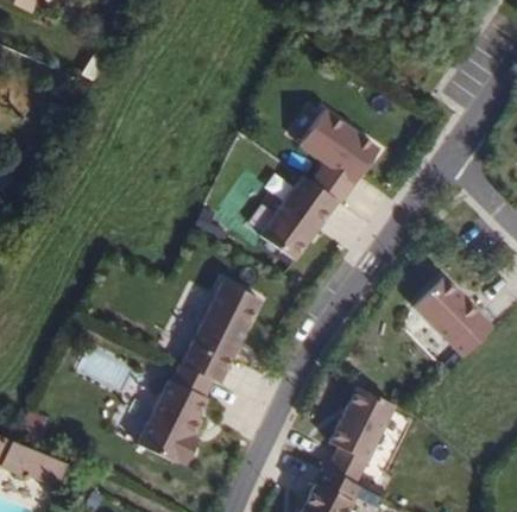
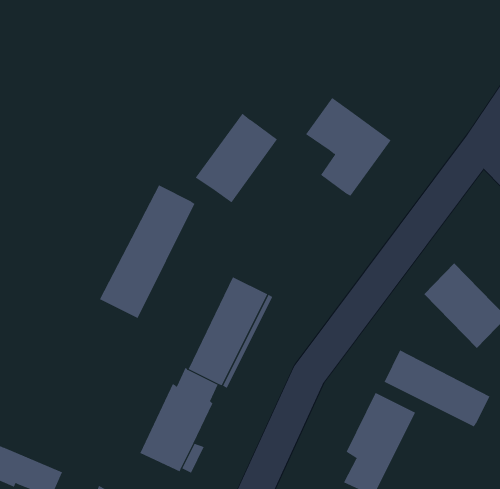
building: [256,177,333,261] -> [195,113,278,203]
building: none -> [99,185,195,319]
building: none -> [384,350,490,427]

